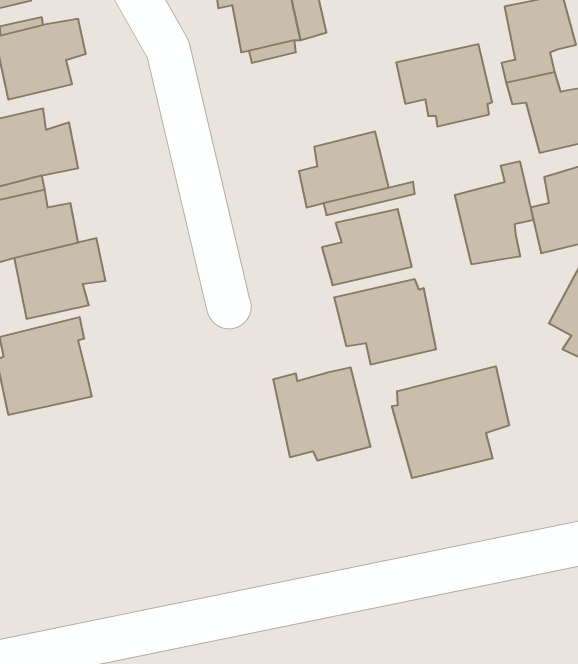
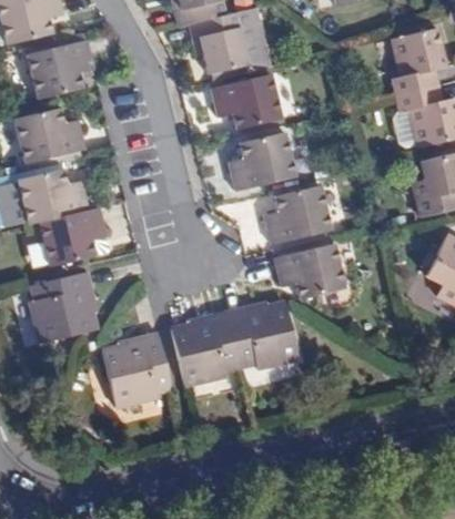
building: [396,44,492,127] -> [228,70,297,130]
building: [455,161,533,264] -> none
building: [392,366,509,478] -> none
building: none -> [170,309,239,386]
building: none -> [100,330,170,404]

